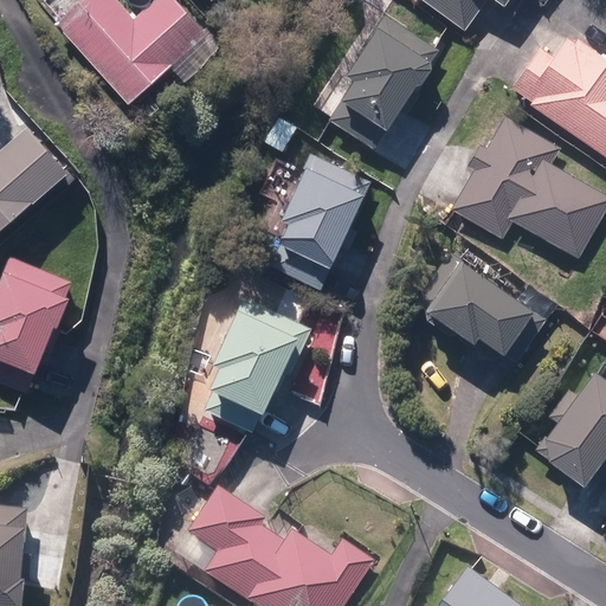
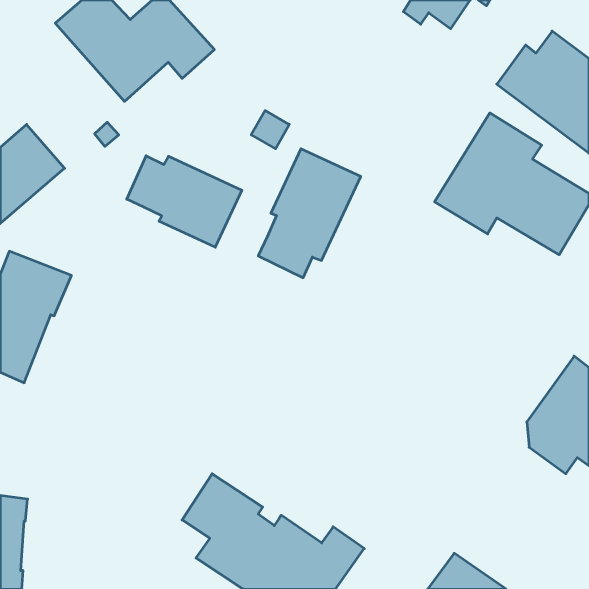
building: [336,17,436,134] -> none
building: none -> [127,156,242,247]
building: [412,257,546,362] -> none
building: [205,297,311,432] -> none

